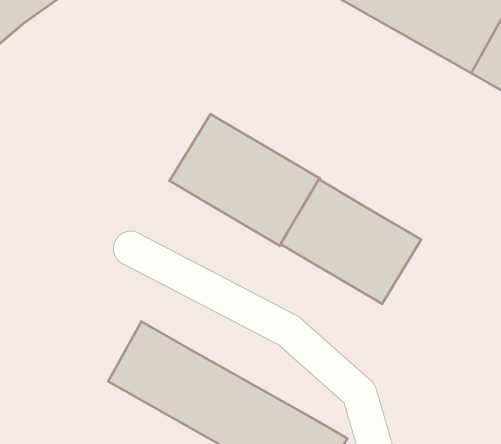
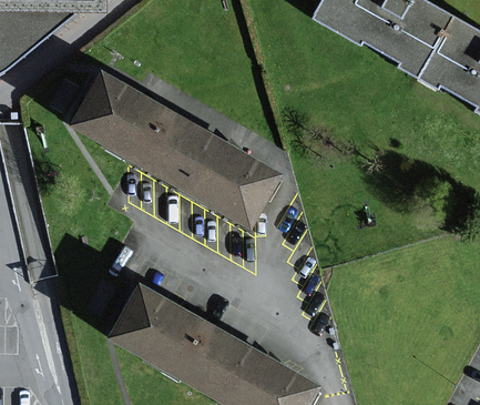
building: none -> [73,67,196,171]
building: [281,179,421,304] -> none

